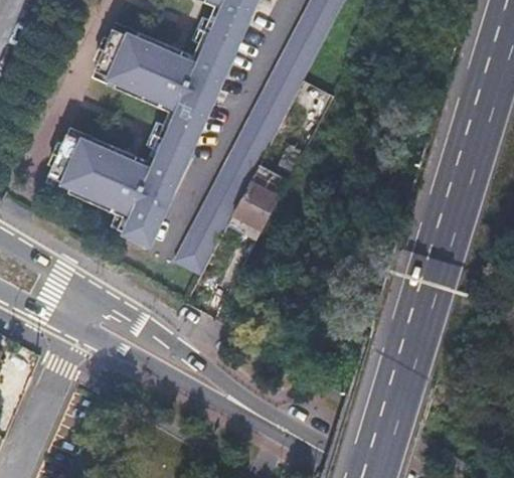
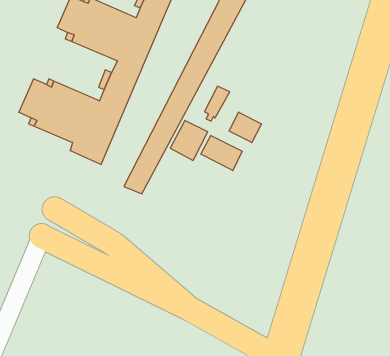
building: none -> [229,112,262,143]
building: none -> [201,135,242,171]

